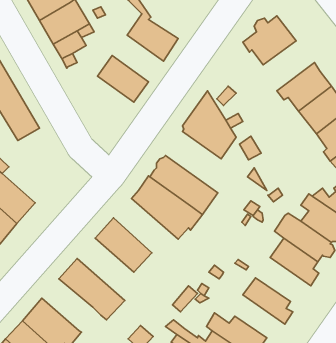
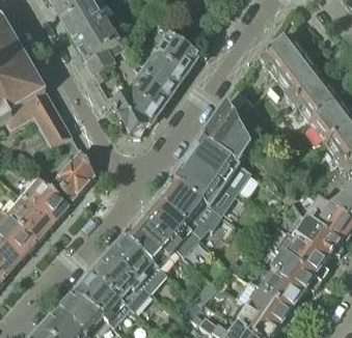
building: none -> [139,50,186,92]
building: none -> [277,55,324,101]
building: none -> [111,87,159,136]
building: none -> [188,138,251,194]
building: none -> [52,149,96,199]
building: none -> [140,199,199,255]
building: none -> [107,235,165,292]
building: none -> [270,253,321,293]
building: none -> [75,273,129,325]
building: none -> [236,279,297,327]

